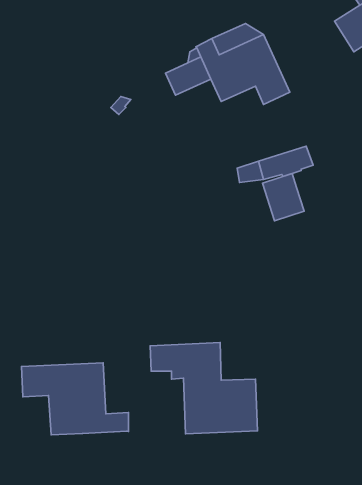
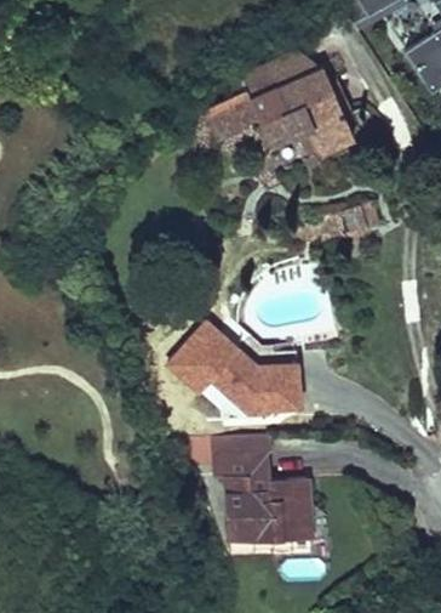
building: [262,173,304,221] -> none
building: none -> [168,320,300,411]
building: [22,363,128,435] -> none

